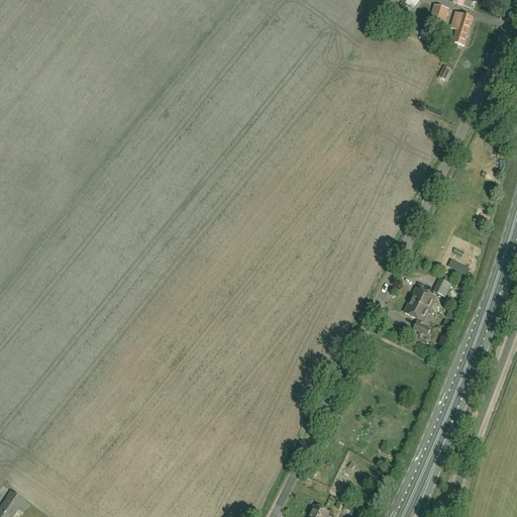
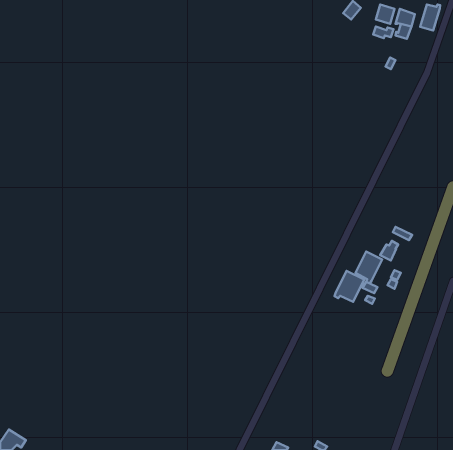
building: none -> [420,4,440,31]
building: none -> [334,271,364,302]

